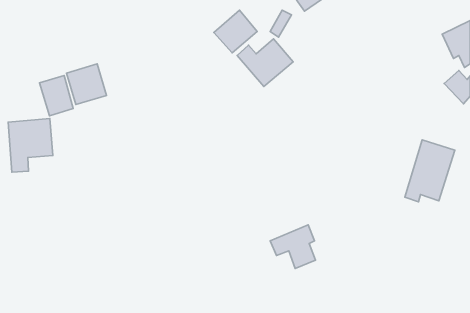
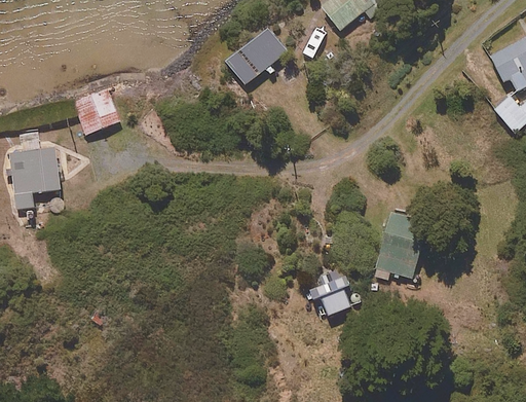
building: [237,39,293,86] -> none
building: [39,75,73,116] -> none
building: [405,140,455,202] -> [373,211,428,280]

